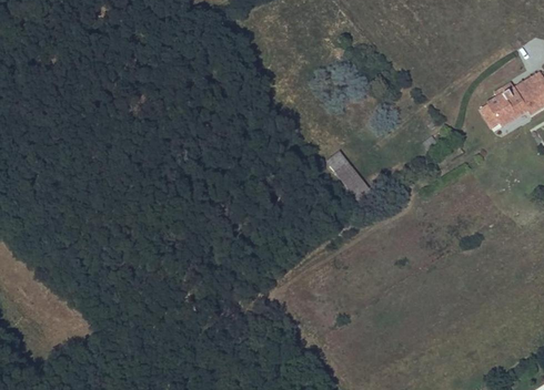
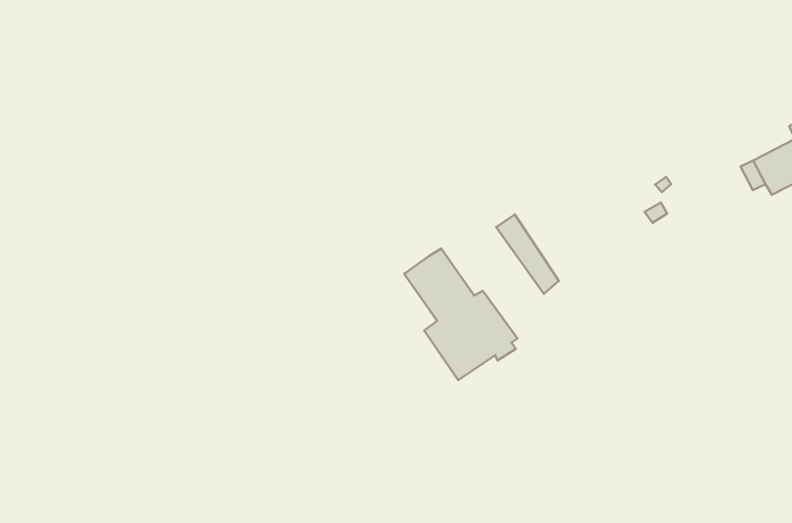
building: none -> [404,249,518,380]

